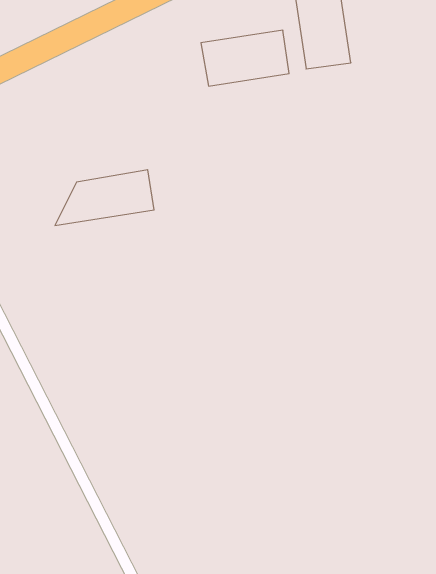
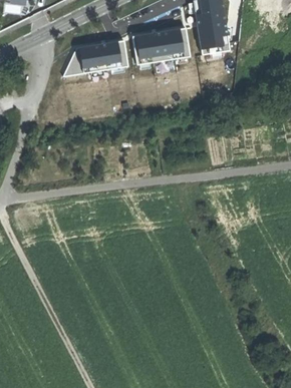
building: [55,170,154,225] -> [63,39,127,75]

